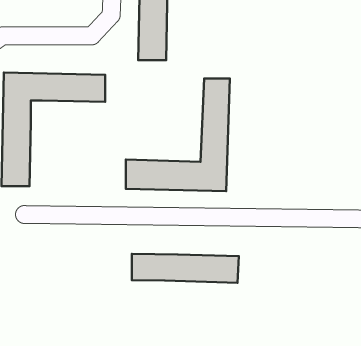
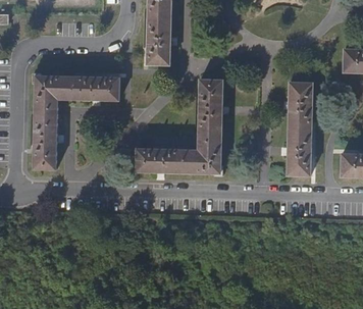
building: none -> [287,82,312,174]
building: [132,254,239,283] -> none

